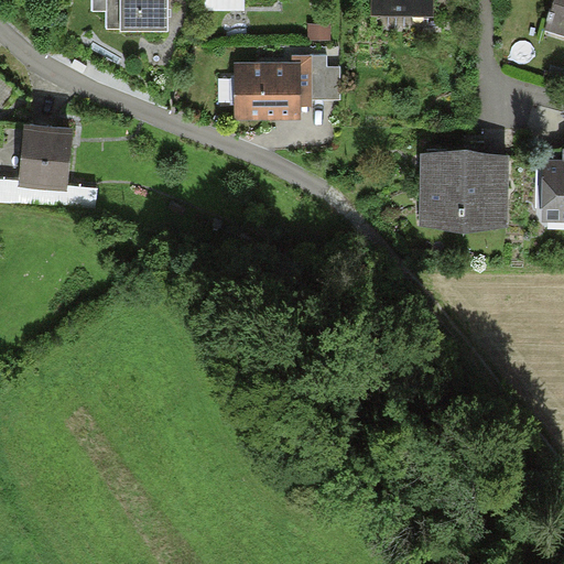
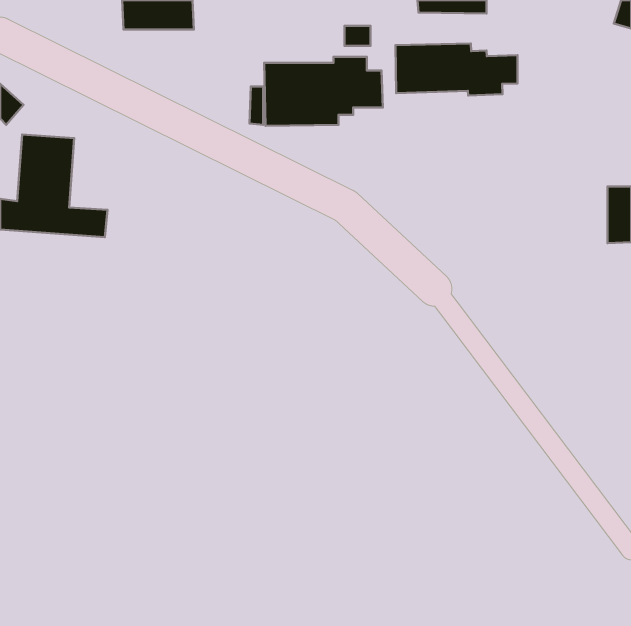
building: none -> [395,43,517,95]
building: [423,145,506,226] -> none

